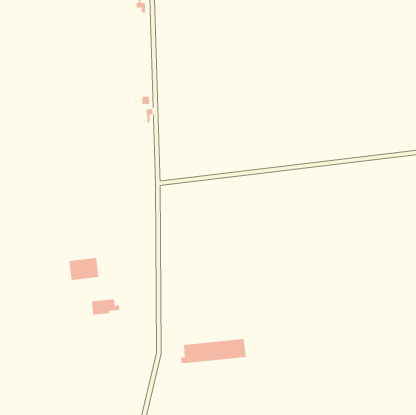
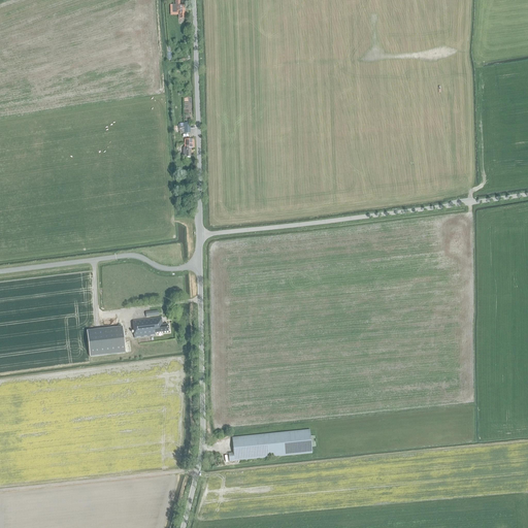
building: [91,299,120,315] -> [132,316,169,336]

